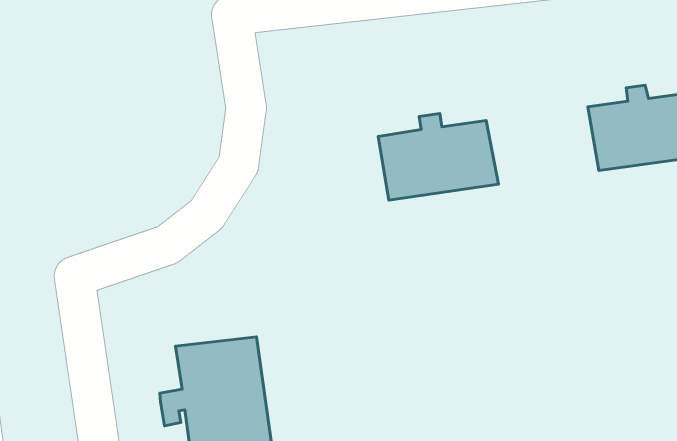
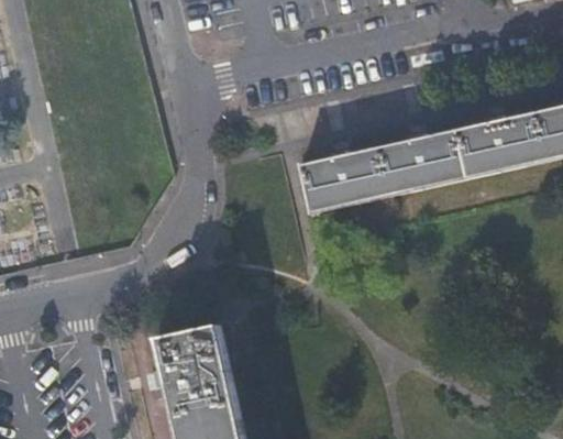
building: none -> [375,128,463,195]

